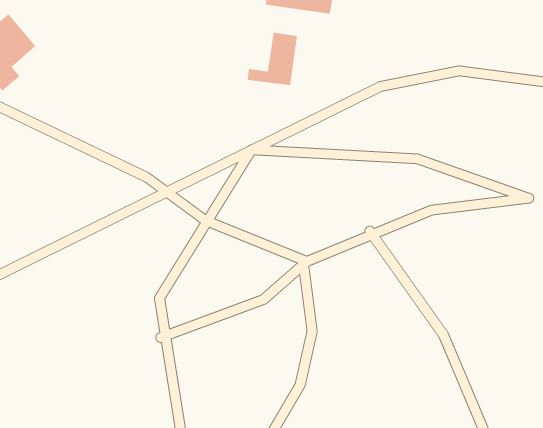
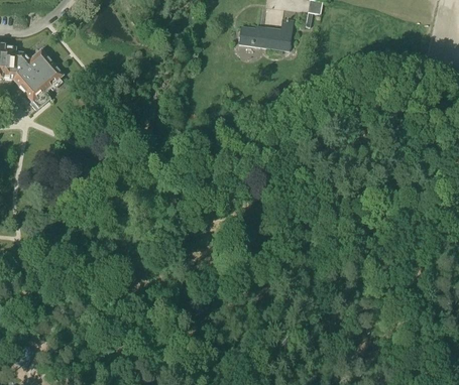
building: [247,32,298,86] -> none

